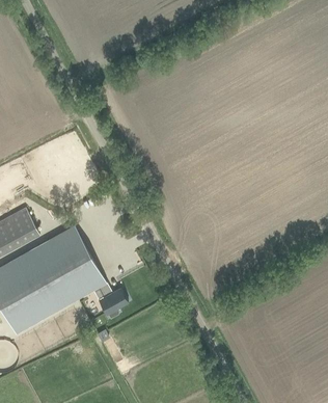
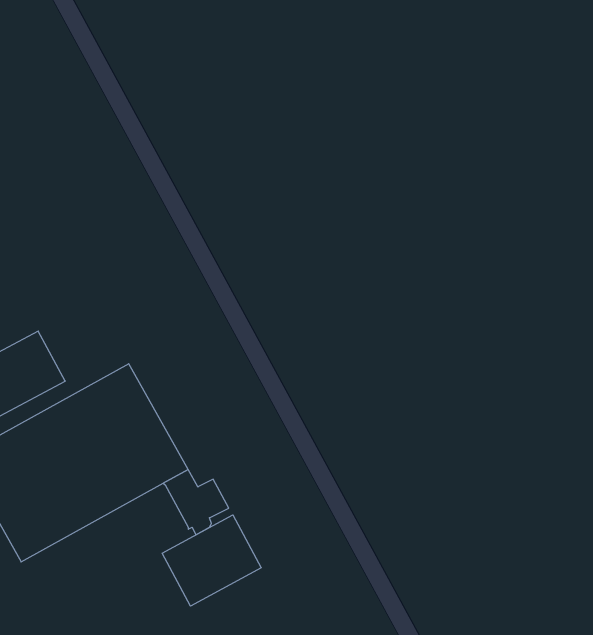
building: none -> [162,515,261,606]

